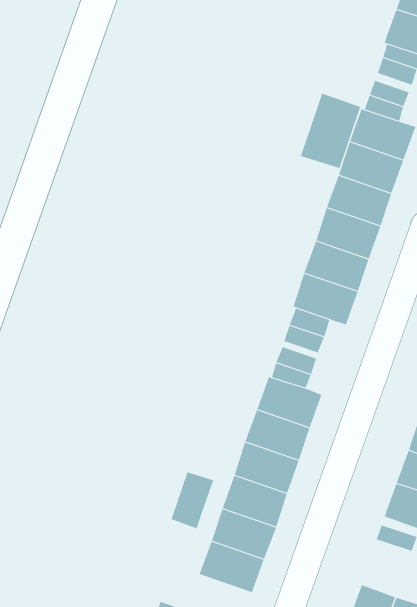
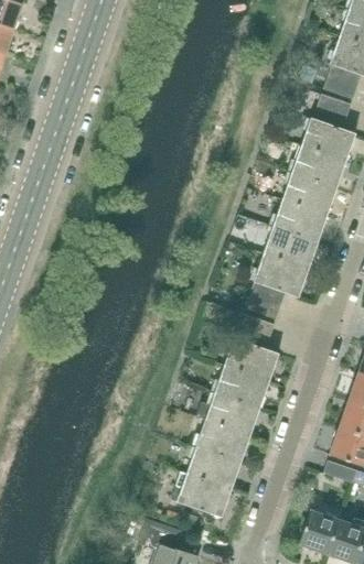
building: [300,93,361,169] -> none
building: [171,471,214,529] -> none

